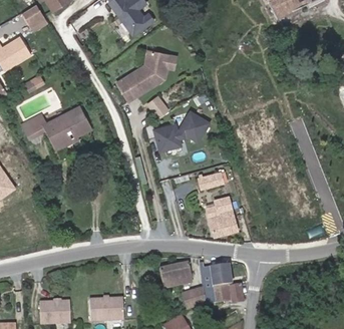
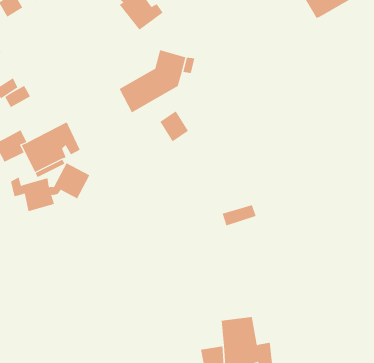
building: [146,111,210,150] -> [10,162,90,212]
building: [209,189,239,236] -> none
building: [156,256,190,283] -> none

